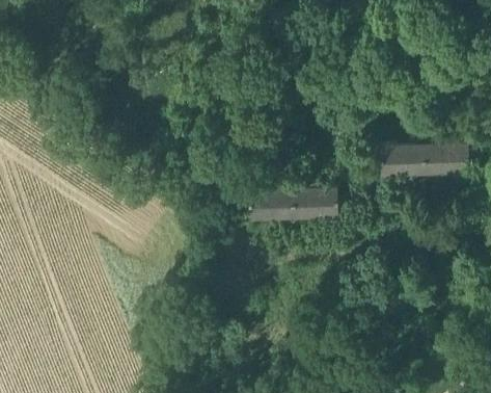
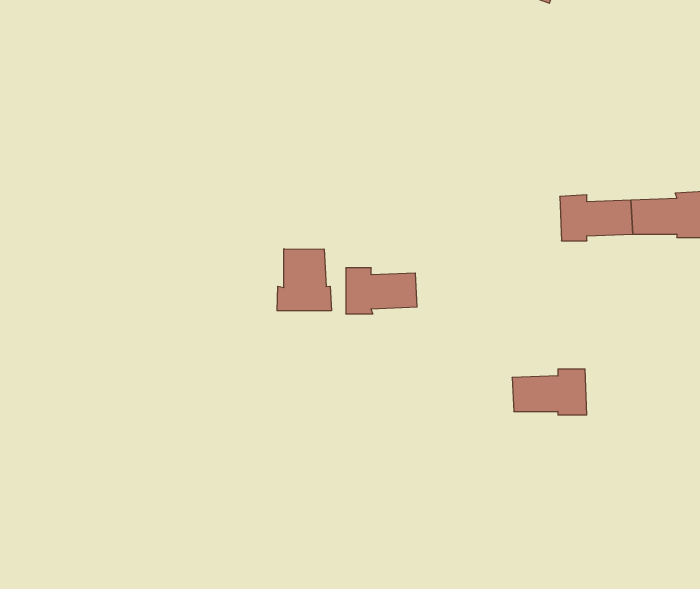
building: none -> [277,249,331,311]
building: [292,188,337,216] -> [512,369,587,415]

